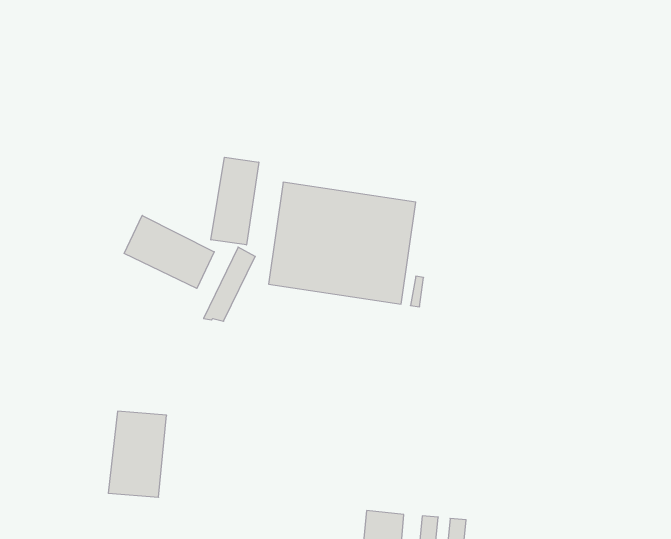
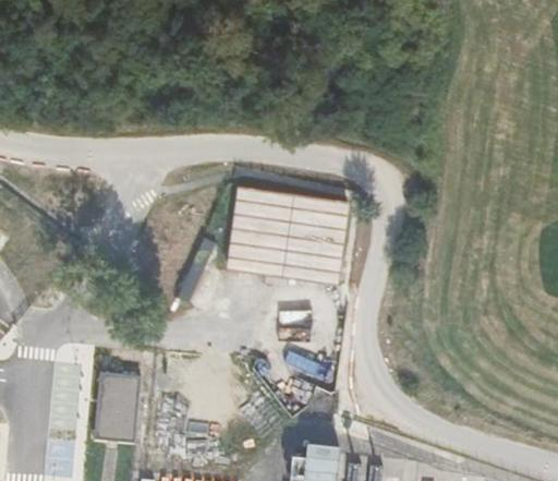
building: [211,157,259,245] -> none
building: [124,215,214,288] -> none

